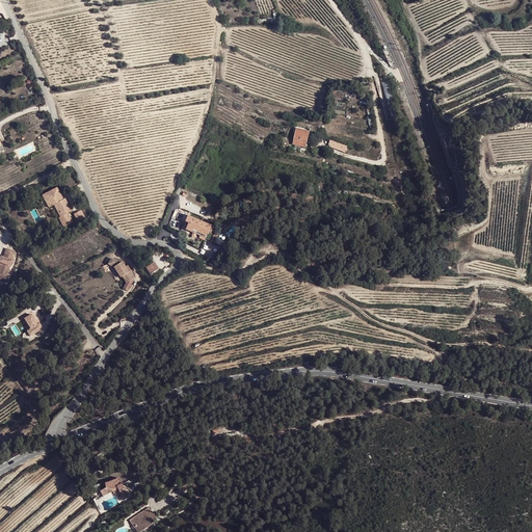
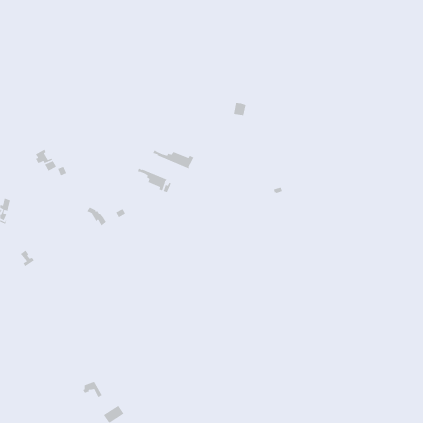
building: none -> [152,149,194,169]

